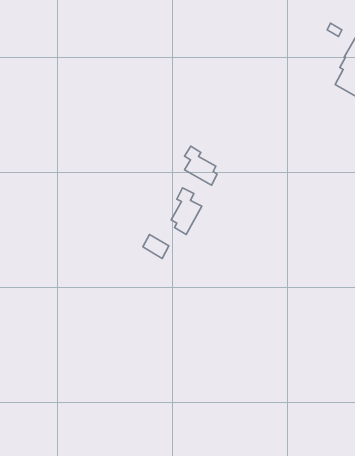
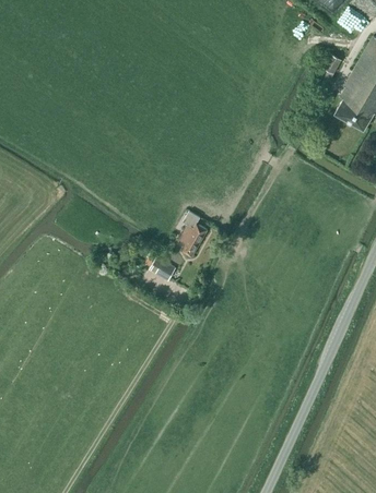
building: [184,146,217,185] -> none

